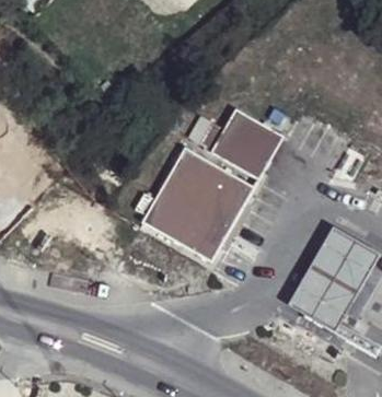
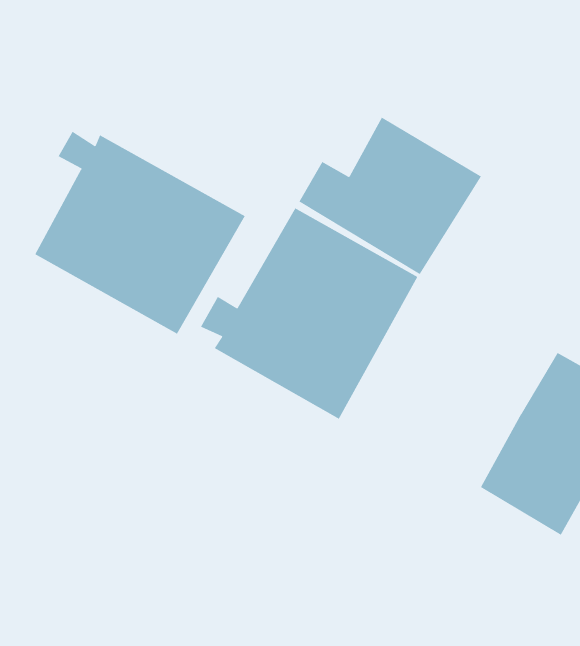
building: none -> [34,131,245,335]

